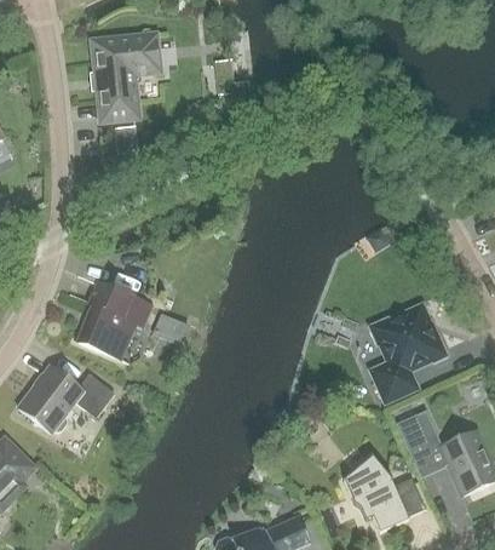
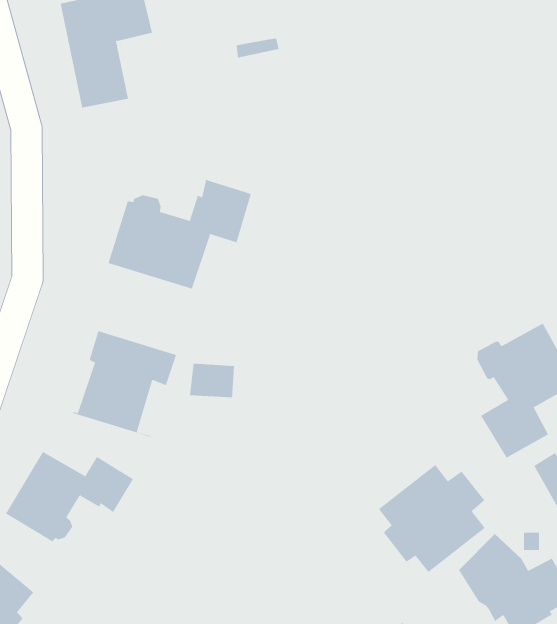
building: none -> [108,179,251,290]
building: none -> [378,464,485,573]

